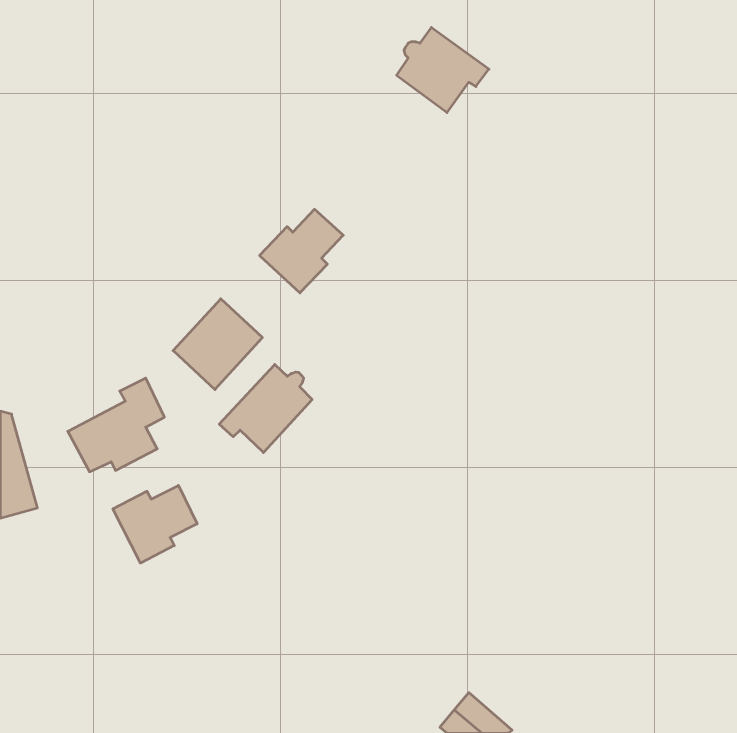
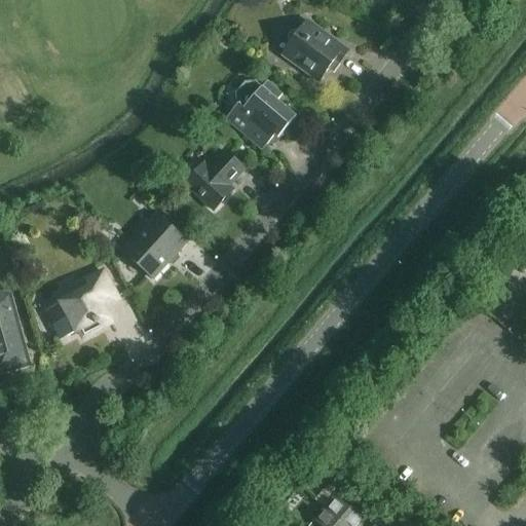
building: none -> [225,79,296,149]
building: [219,364,312,453] -> none
building: [113,485,197,563] -> none

